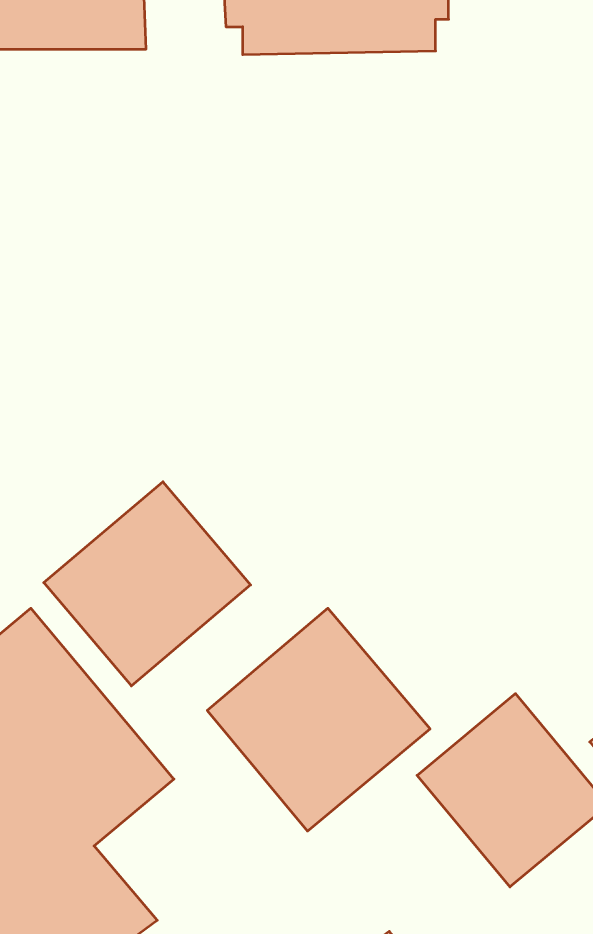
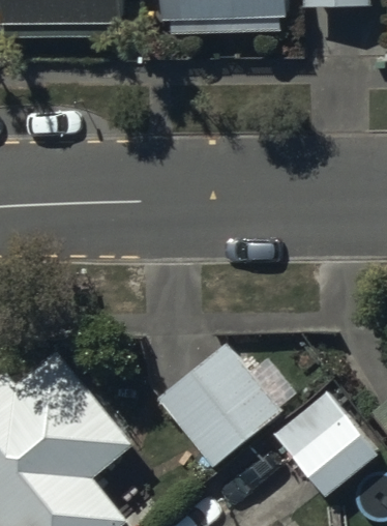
building: [44,482,251,686] -> none

